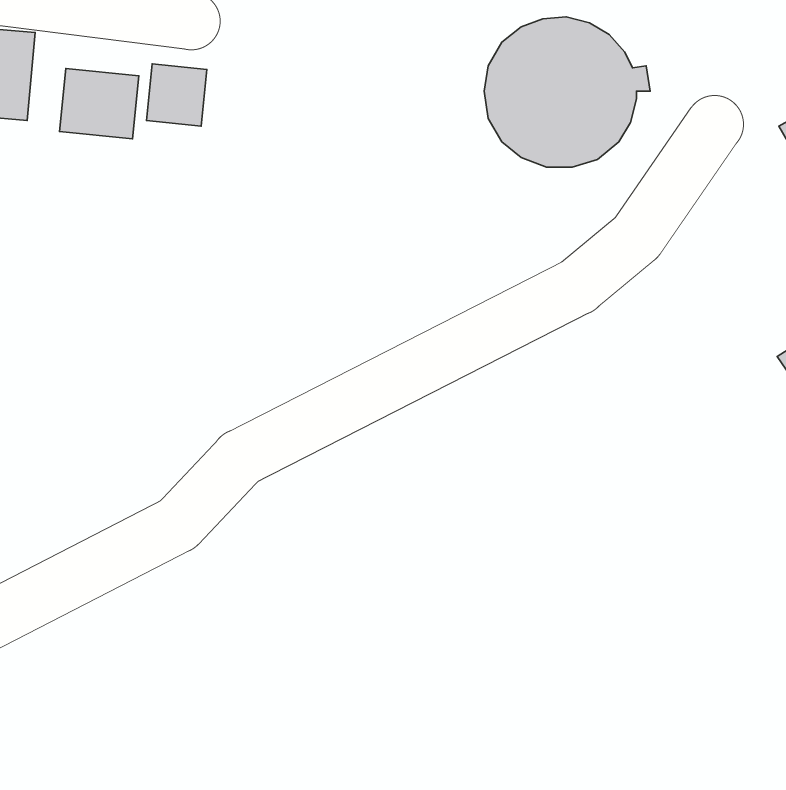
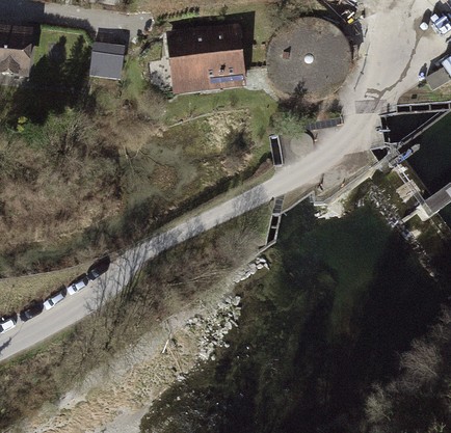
building: none -> [167,25,244,87]
building: [60,68,139,139] -> none

